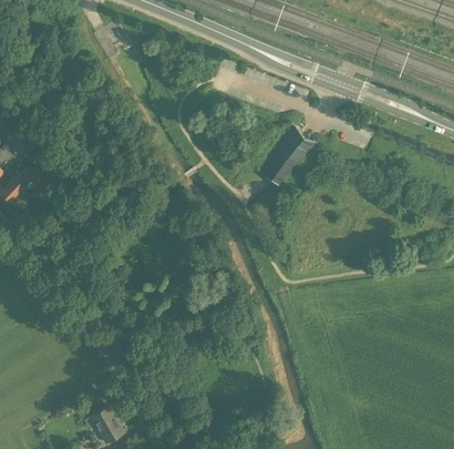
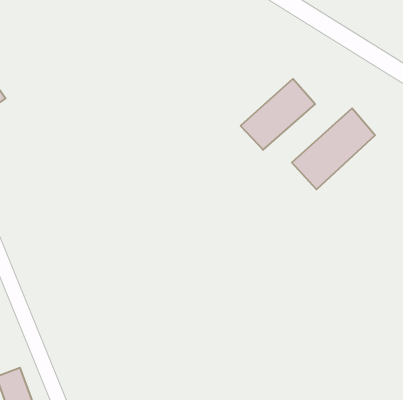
building: none -> [292,108,375,189]

